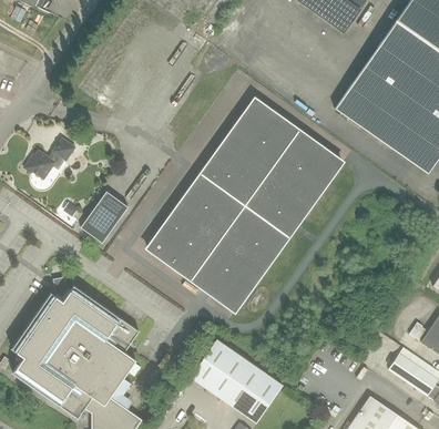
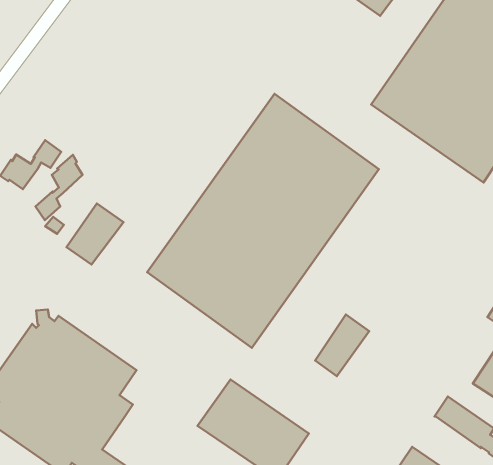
building: none -> [36,155,82,220]
building: none -> [315,315,369,376]

